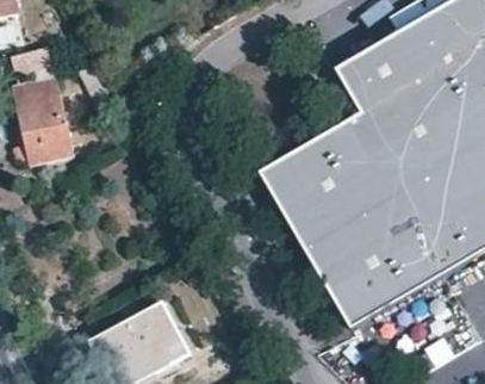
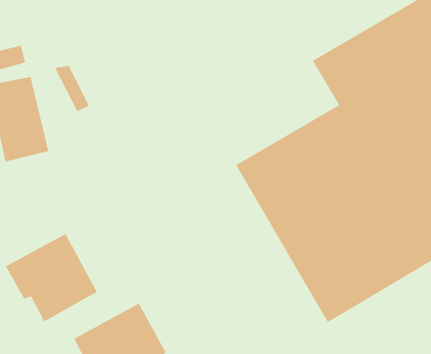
building: none -> [5,233,98,322]

